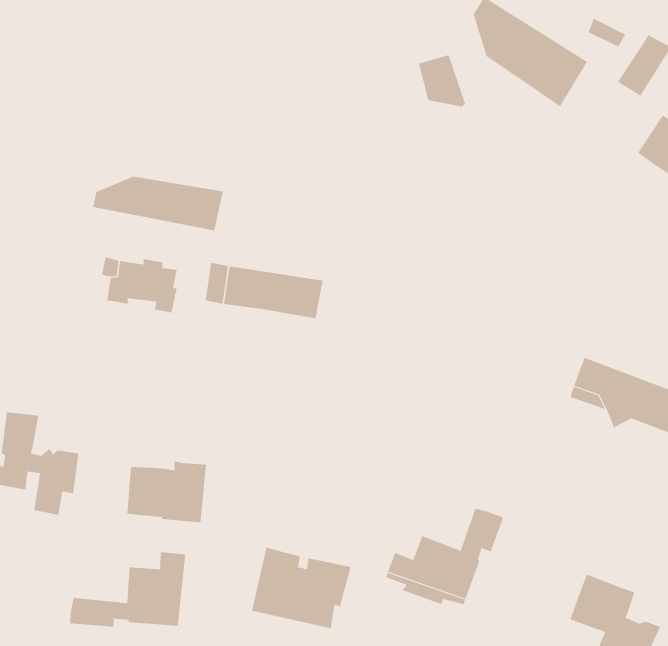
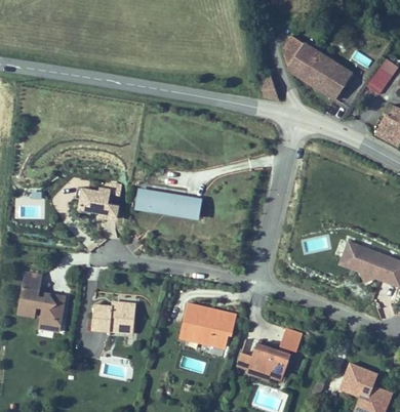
building: [92,176,224,231] -> none
building: [251,547,352,629] -> [181,301,237,347]
building: [70,552,186,628] -> none

